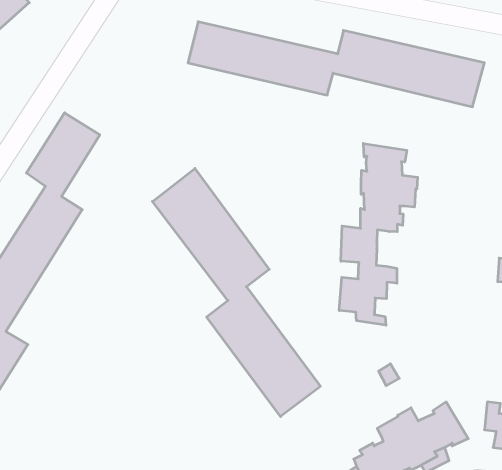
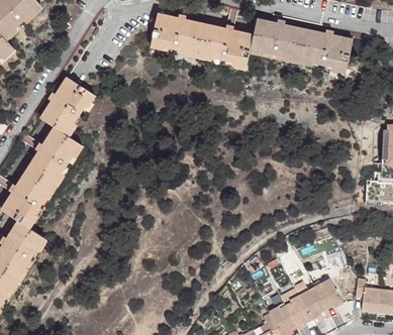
building: [339,143,418,325] -> none
building: [152,168,320,417] -> none

